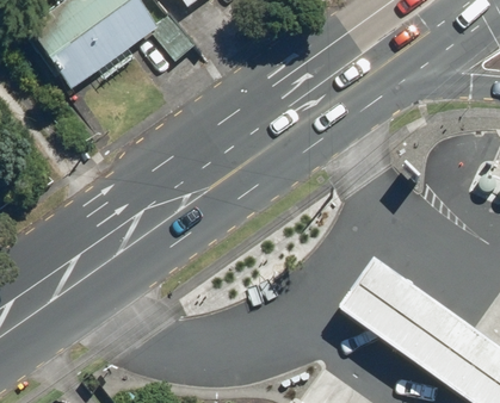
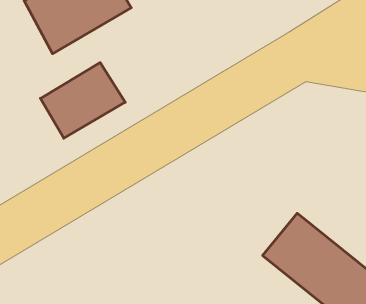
building: none -> [40,63,125,138]

